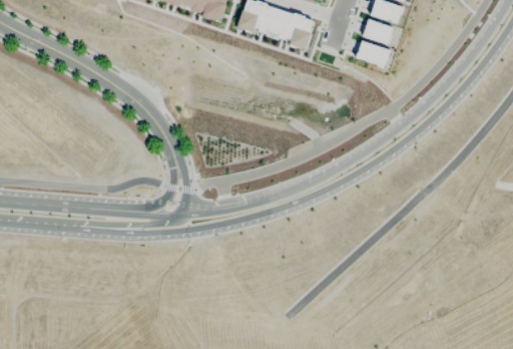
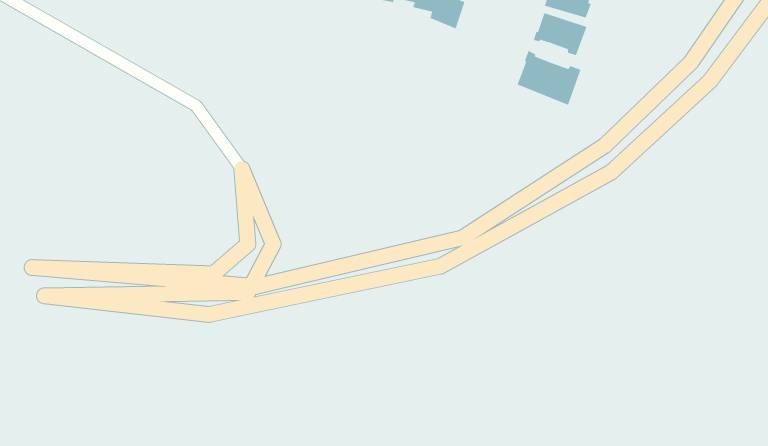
building: none -> [516,50,581,106]

